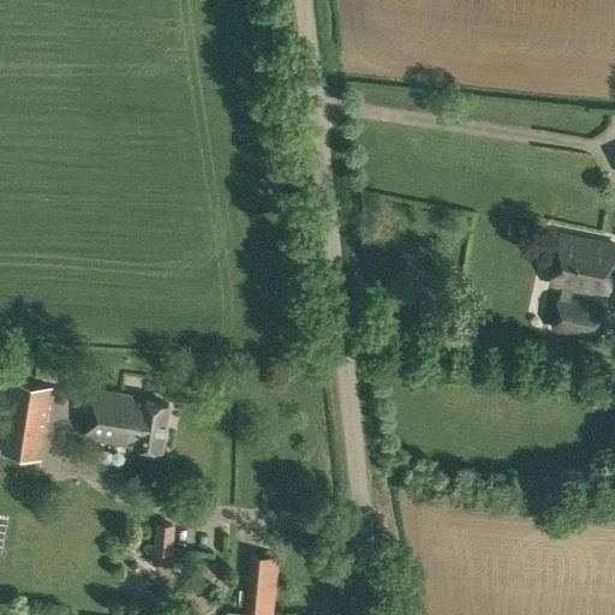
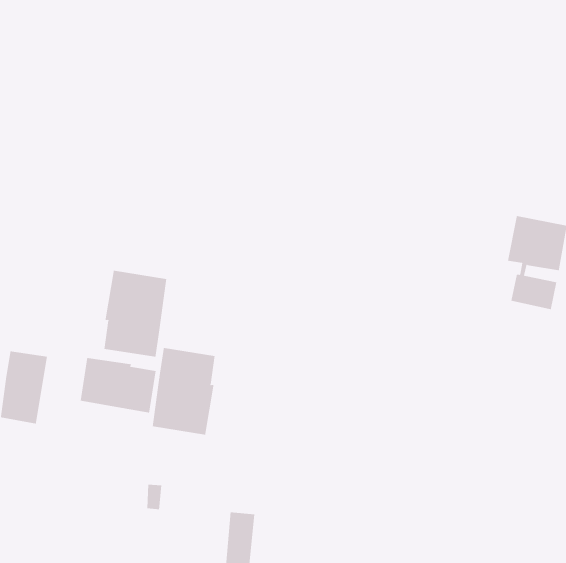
building: none -> [104,270,167,358]
building: none -> [152,347,215,436]

